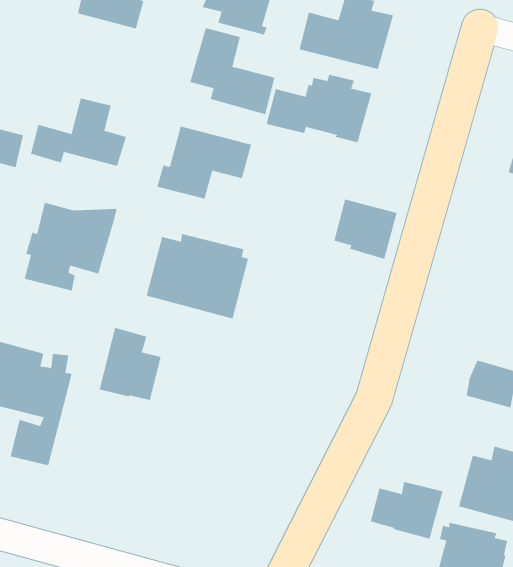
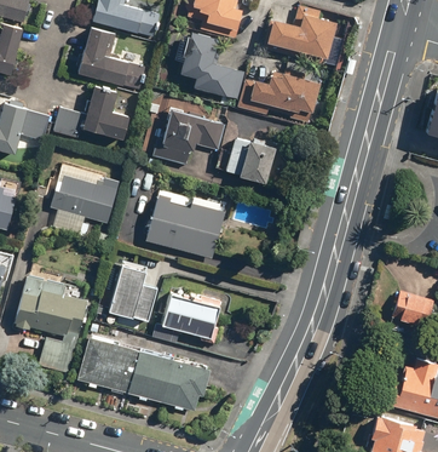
building: none -> [77,27,127,84]
building: [333,199,397,260] -> [225,137,275,184]
building: none -> [152,292,224,343]
building: none -> [76,337,211,411]
building: [370,481,443,540] -> none

